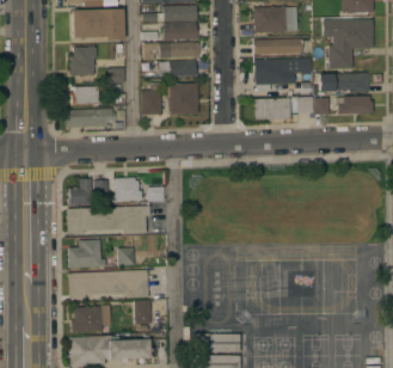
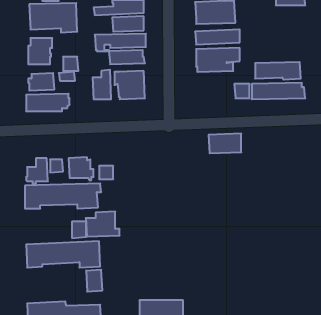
building: [323,20,373,69] -> none
building: [254,98,290,119] -> [209,134,241,153]
building: [68,240,105,268] -> [86,212,120,237]
building: [72,305,111,332] -> none

